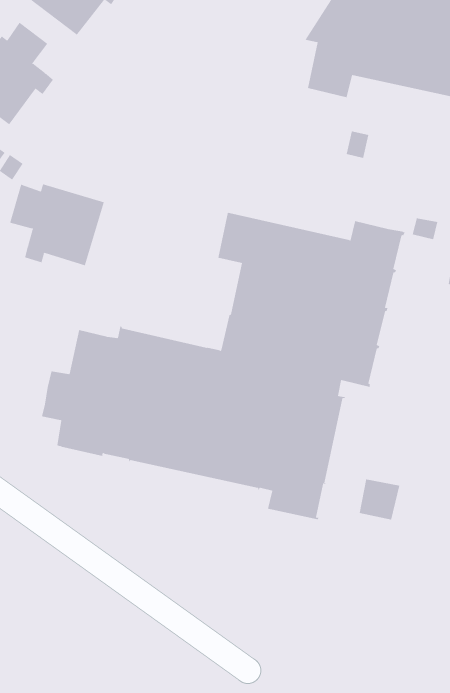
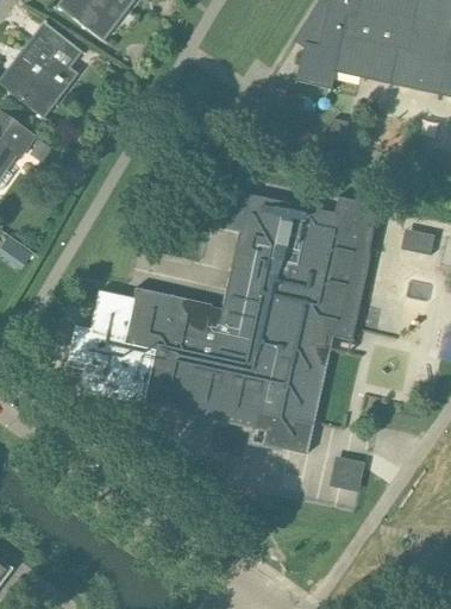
building: [9,183,104,266] -> none
building: [359,479,400,520] -> [331,457,367,492]

